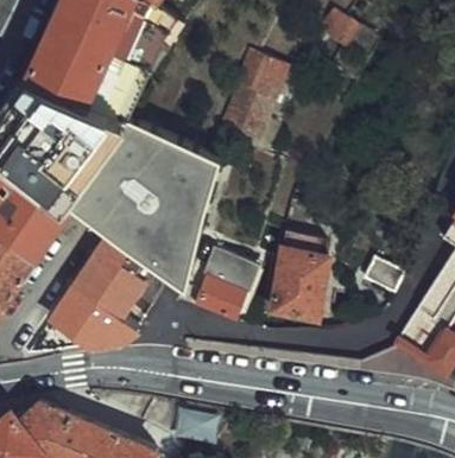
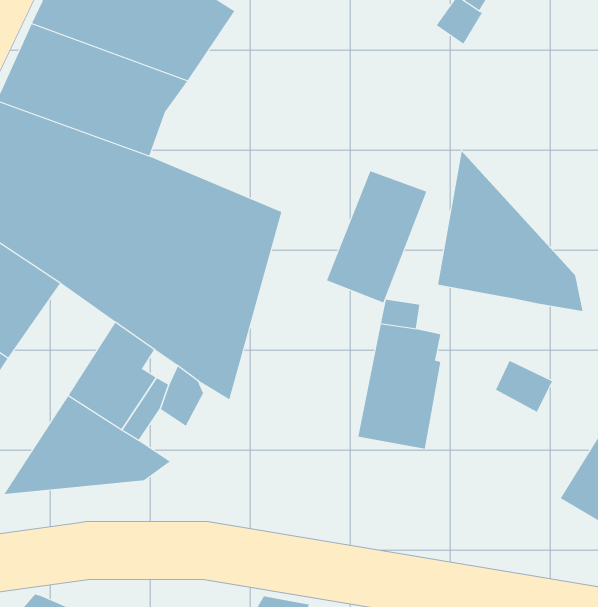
building: [216,50,285,140] -> [326,171,427,303]
building: none -> [437,150,583,312]
building: [190,250,252,319] -> none

